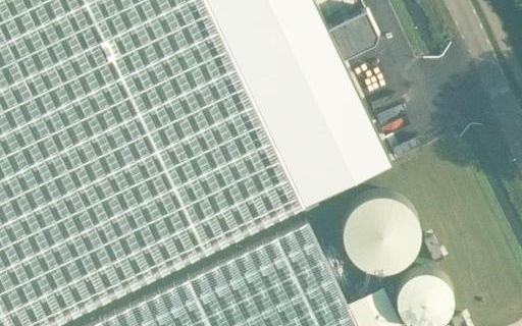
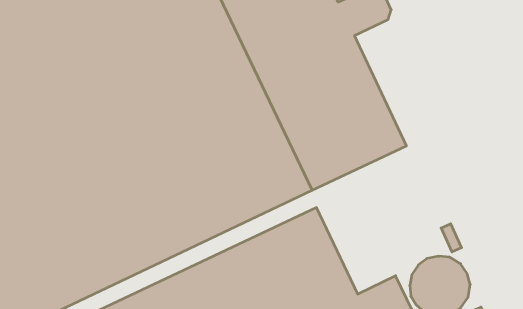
building: [340,192,419,270] -> none

